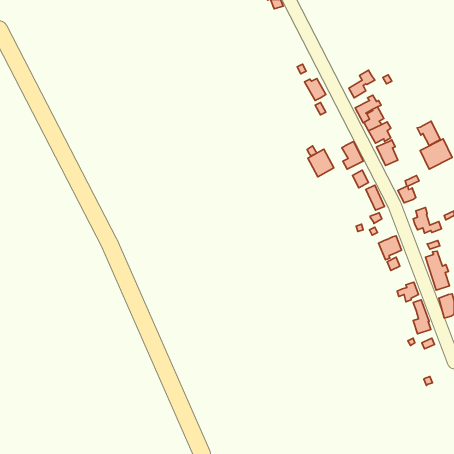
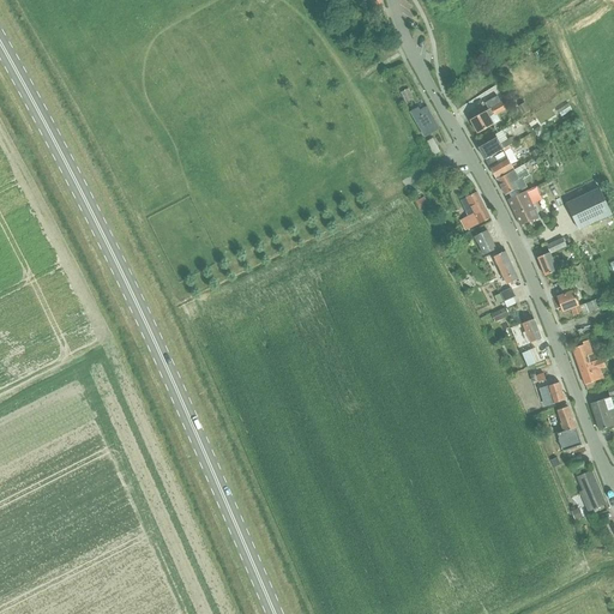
building: [417,121,440,146] -> none
building: [308,149,334,177] -> none
building: none -> [576,469,604,511]

